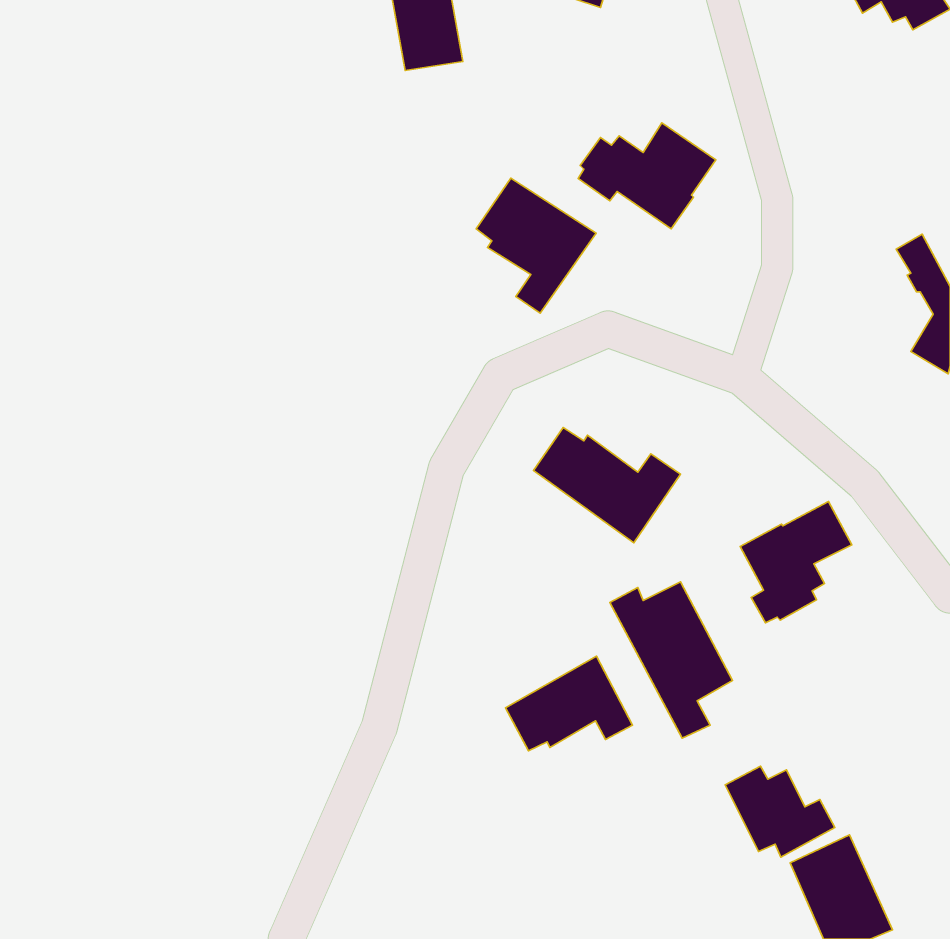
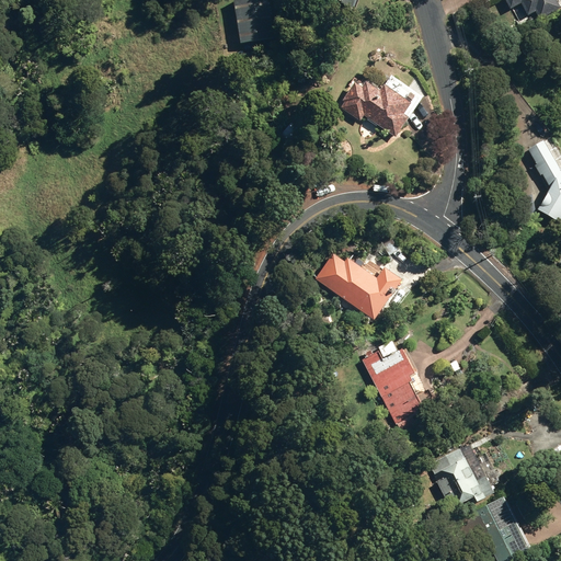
building: [476,178,596,313] -> none
building: [740,501,852,623] -> none
building: [505,656,633,751] -> none

